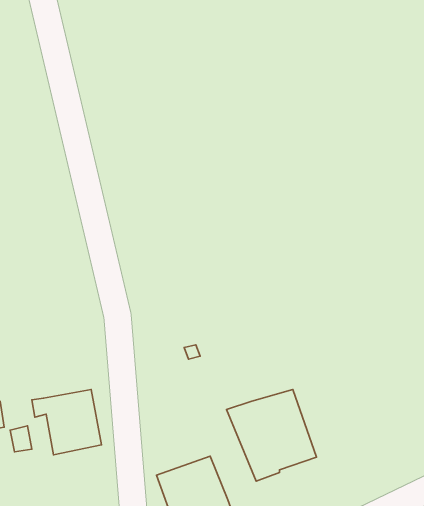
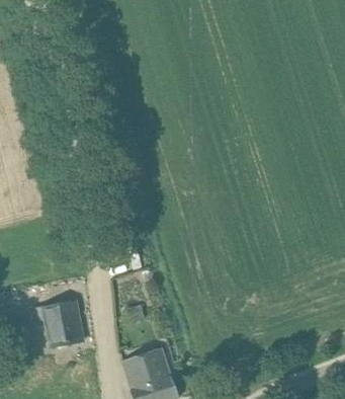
building: [227,390,317,481] -> none

